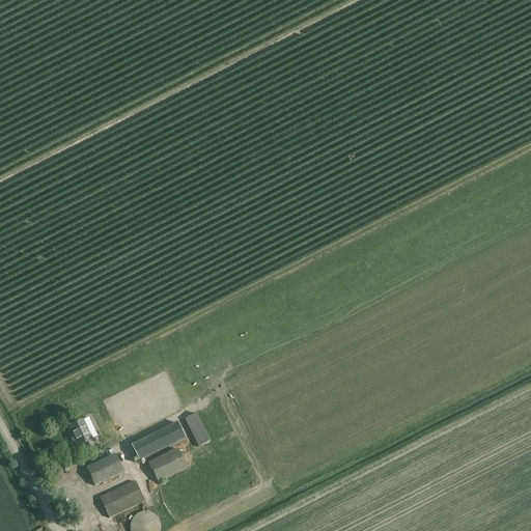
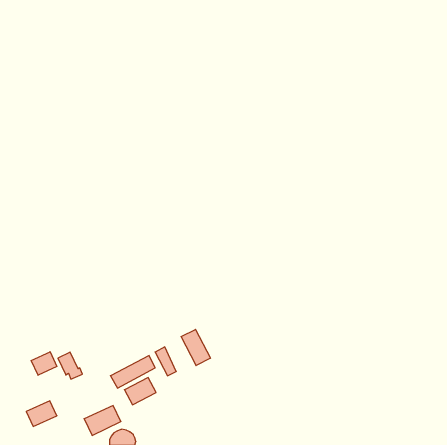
building: none -> [181,329,210,366]
building: none -> [31,352,57,375]
building: [87,453,123,483] -> [26,401,57,426]

